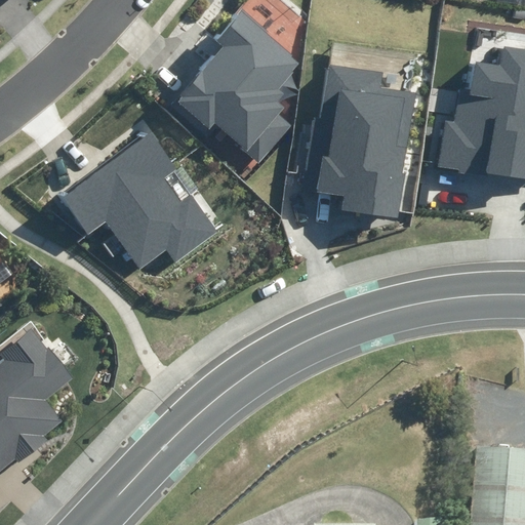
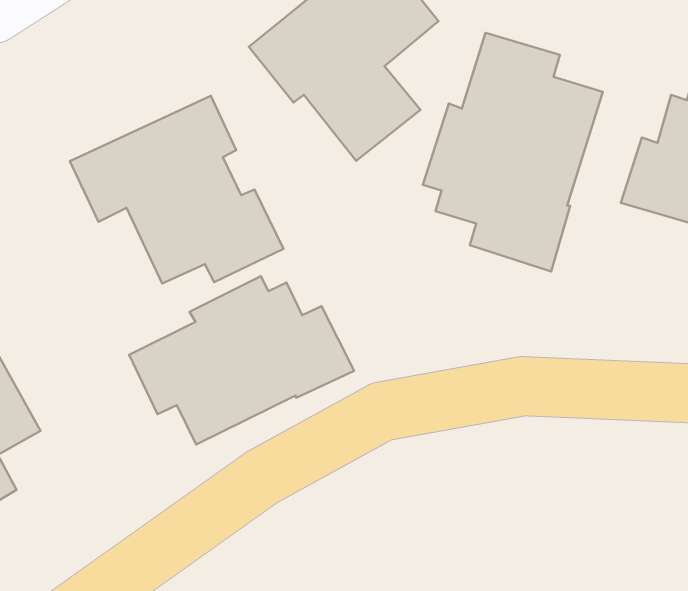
building: none -> [129,276,354,445]

